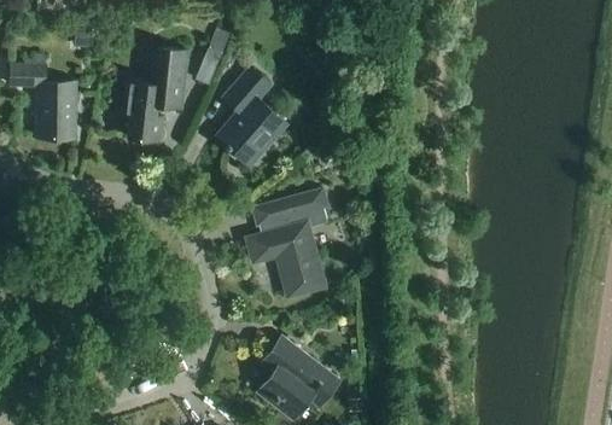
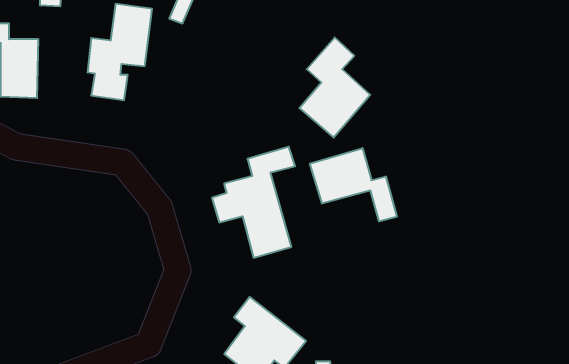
building: [216,66,286,165] -> [299,37,370,138]
building: none -> [310,148,397,221]

